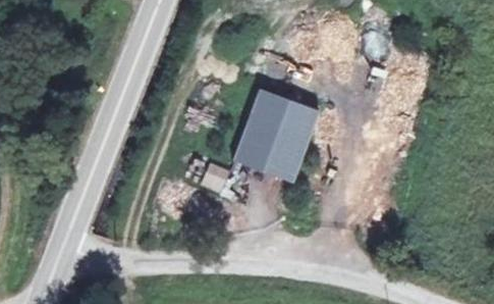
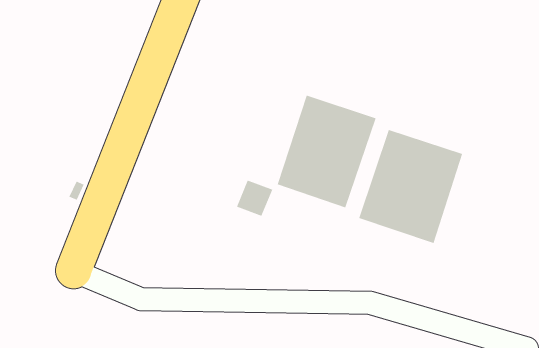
building: none -> [358,129,463,244]

